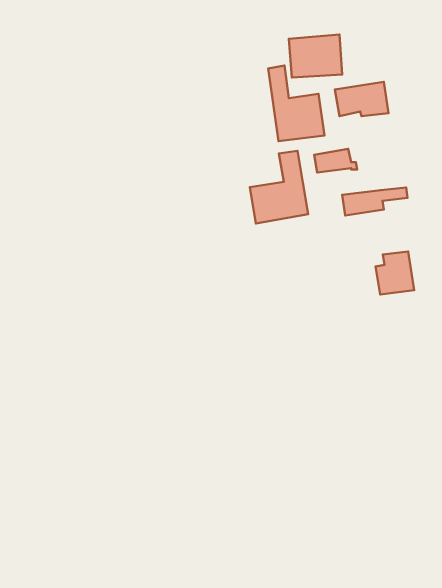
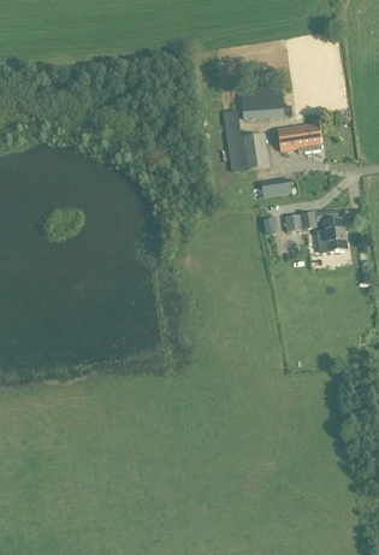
building: [250,151,308,223] -> none
building: [376,251,414,295] -> [315,218,347,253]

